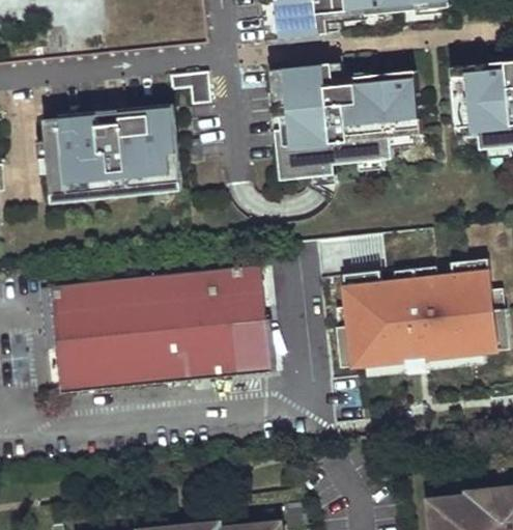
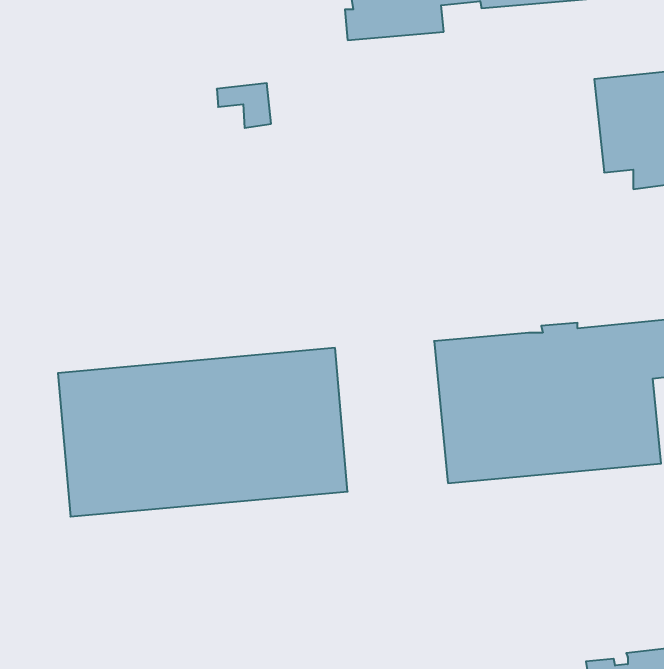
building: [269,61,421,178] -> none
building: [42,105,179,201] -> none

